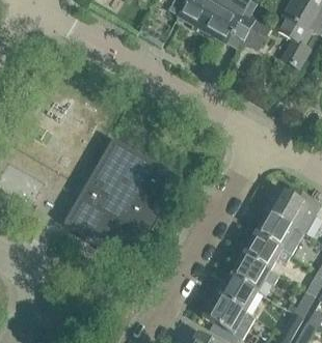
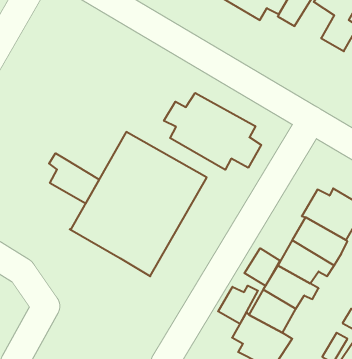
building: none -> [164,93,261,170]
building: none -> [49,153,99,204]
building: none -> [244,248,280,286]
building: none -> [218,286,258,324]

